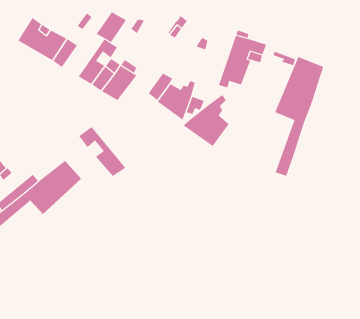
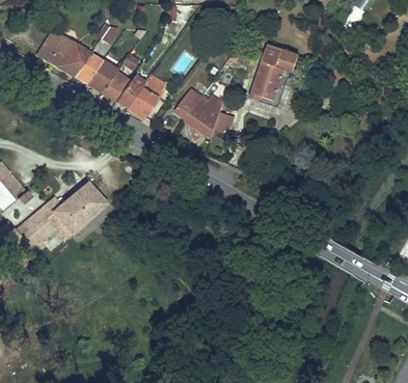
building: [96,12,127,43] -> [84,59,117,92]
building: [275,56,324,177] -> none
building: [183,94,229,147] -> none
building: [79,126,126,177] -> none

